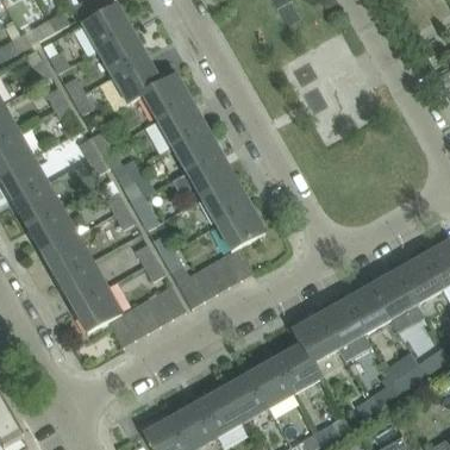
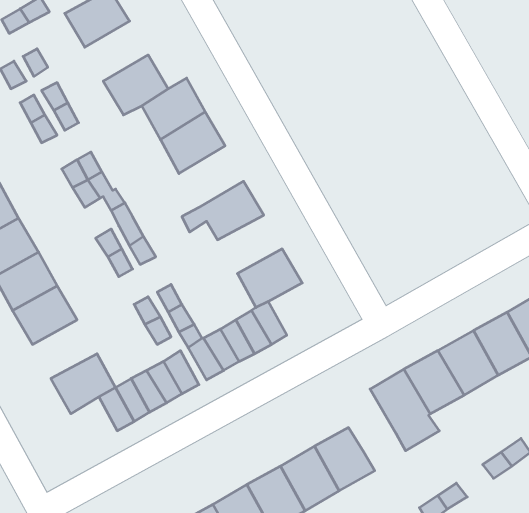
building: [98,30,146,76] -> none
building: [170,126,220,174] -> none
building: [200,180,250,225] -> none
building: [57,261,107,306] -> none
building: [292,314,338,363] -> none

